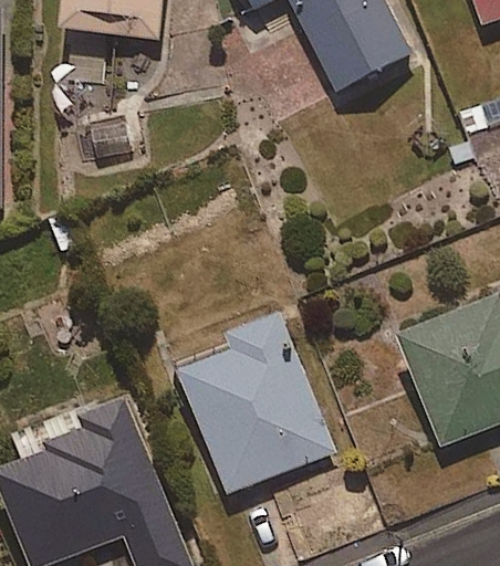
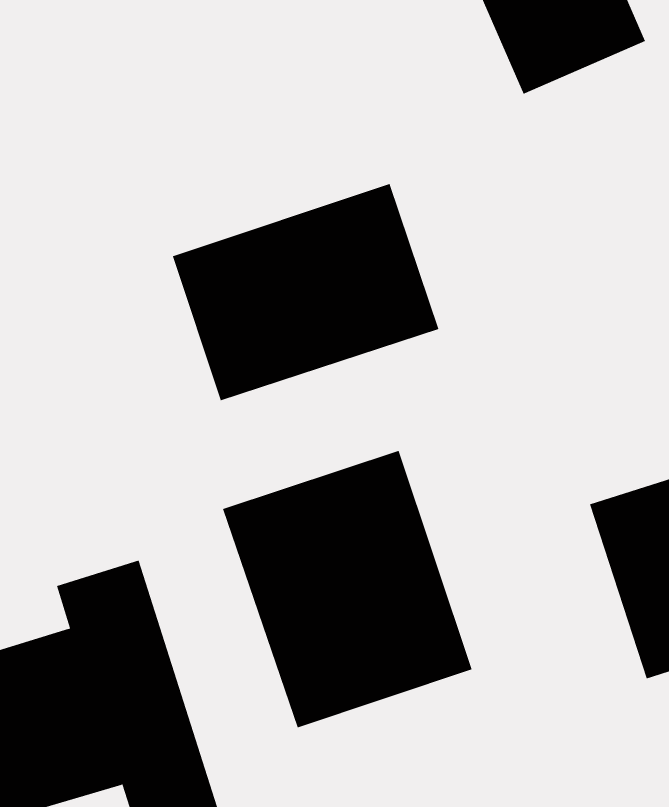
building: none -> [172,183,439,401]

